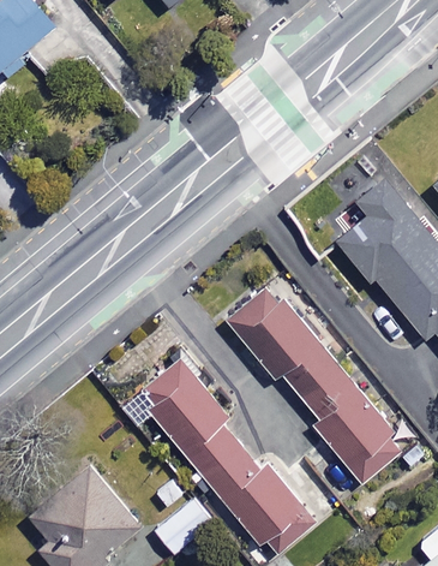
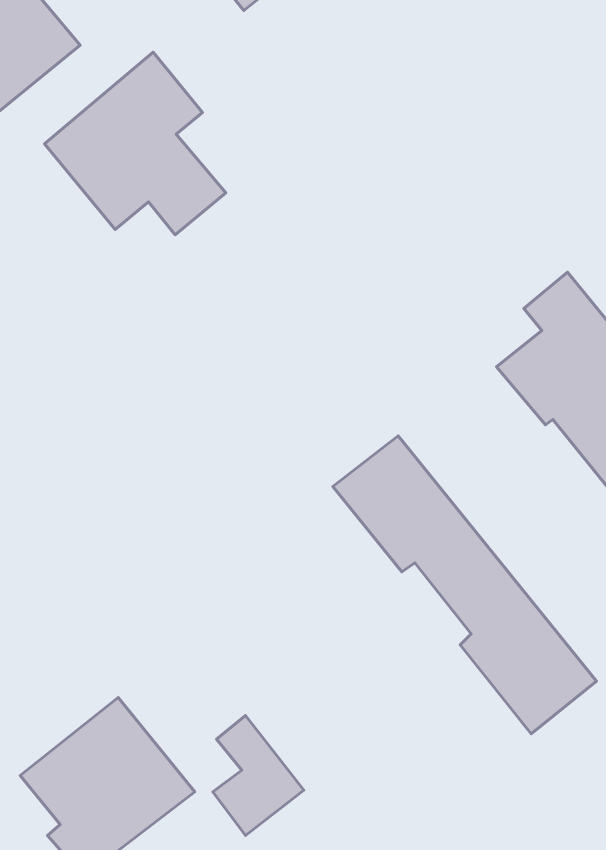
building: none -> [44,52,226,235]
building: [143,362,314,555] -> none

